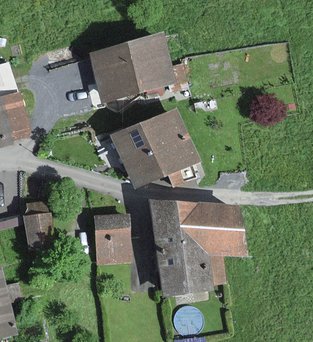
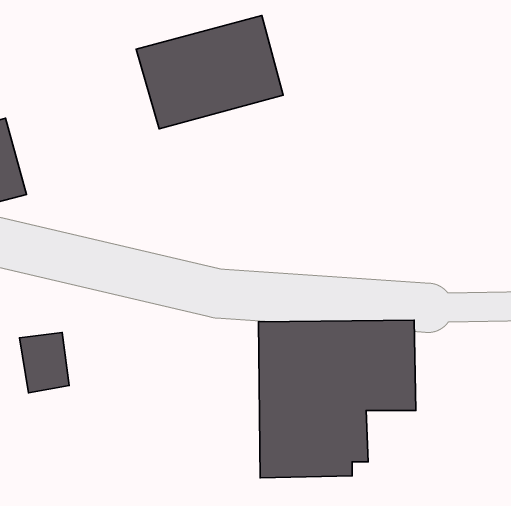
building: [112,107,203,184] -> none
building: [93,214,128,260] -> none

